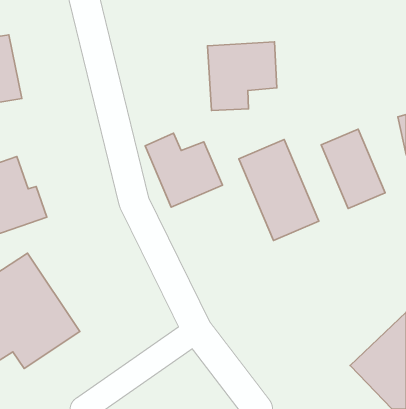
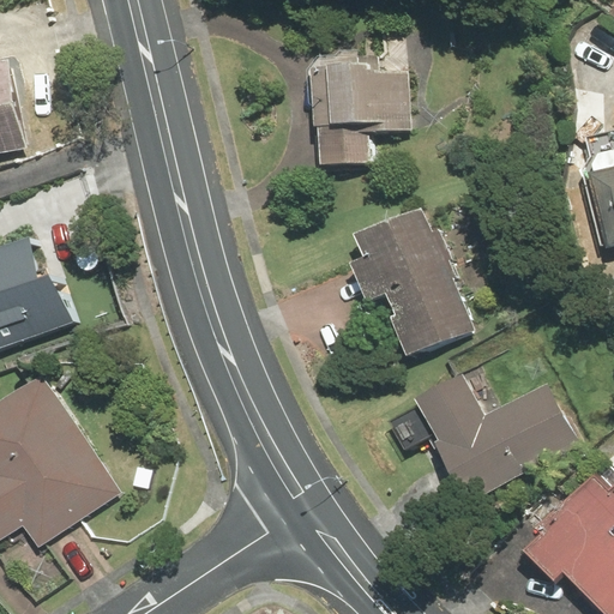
building: [321,129,385,209] -> none
building: [145,133,223,207] -> none
building: none -> [417,374,579,504]

